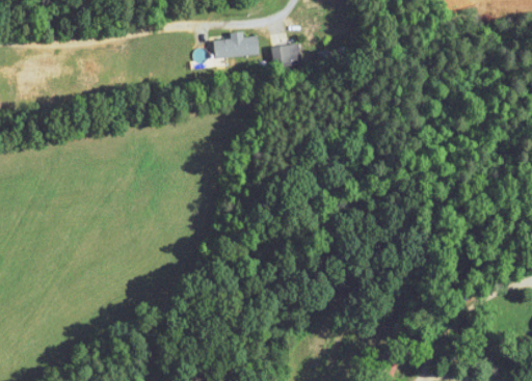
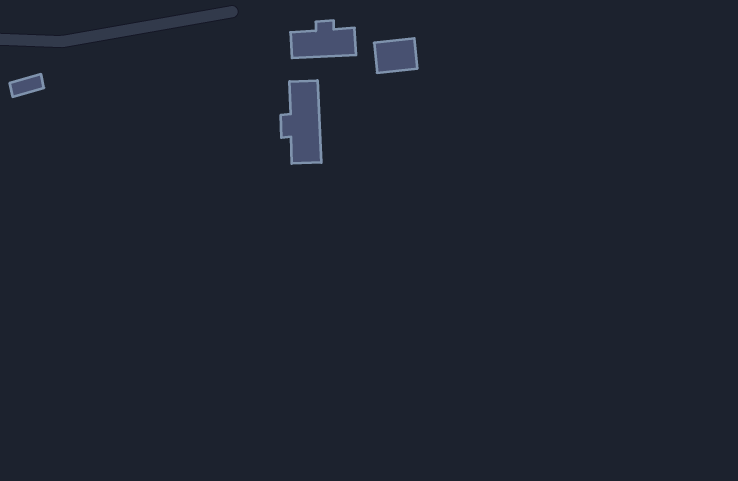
building: none -> [281,80,321,164]

